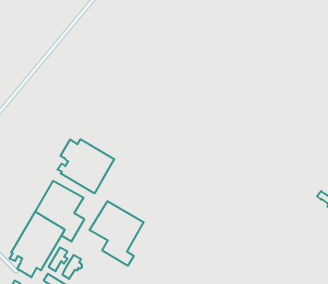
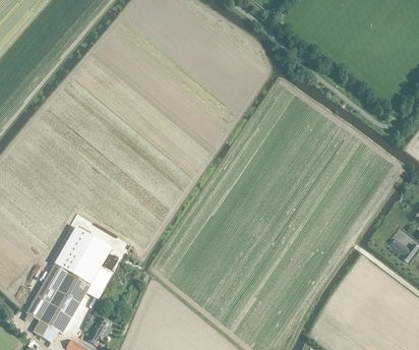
building: [57,139,114,193] -> none
building: [90,201,144,266] -> none

